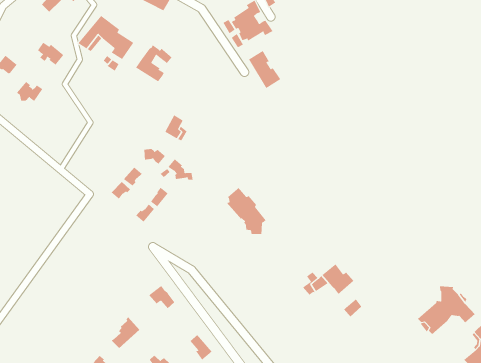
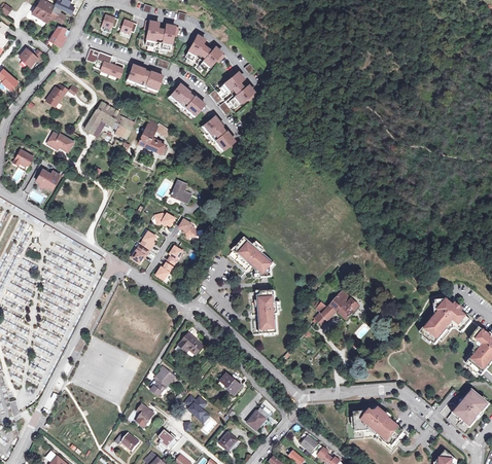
building: none -> [170,82,205,115]
building: [248,50,281,89] -> [203,115,235,149]
building: none -> [257,290,279,334]

